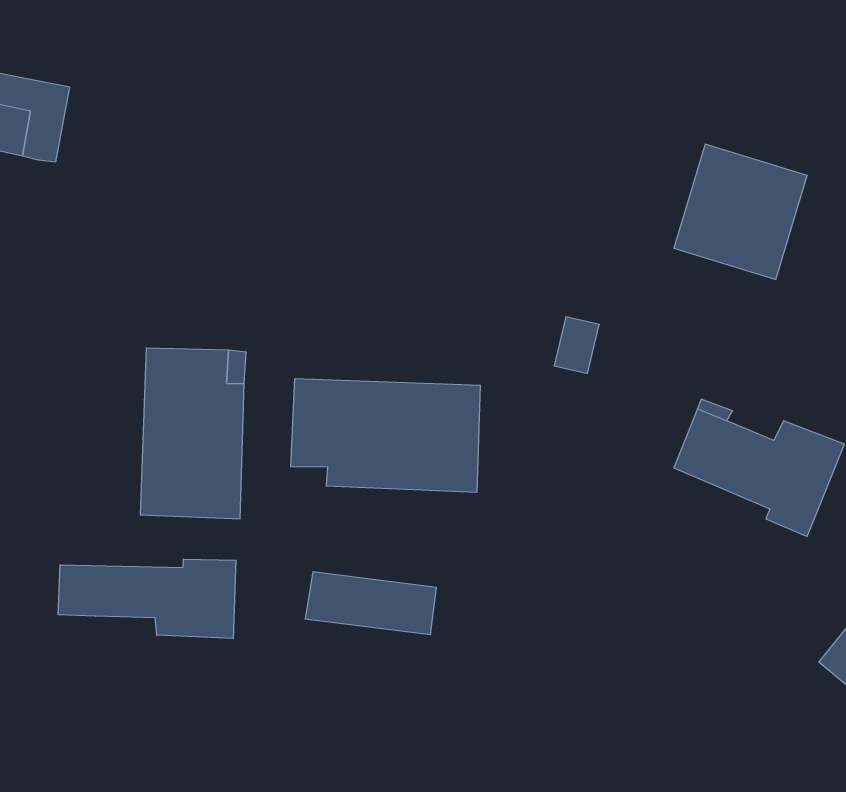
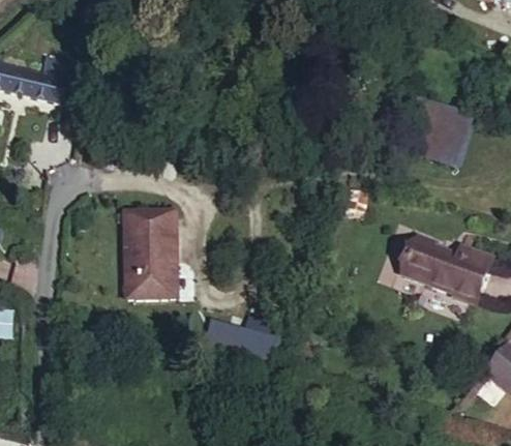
building: [291,379,480,492] -> none
building: [58,559,236,639] -> none

